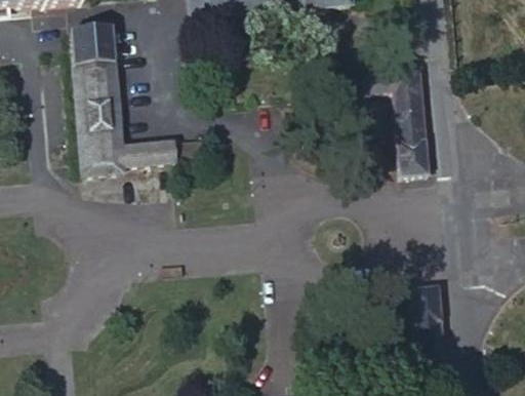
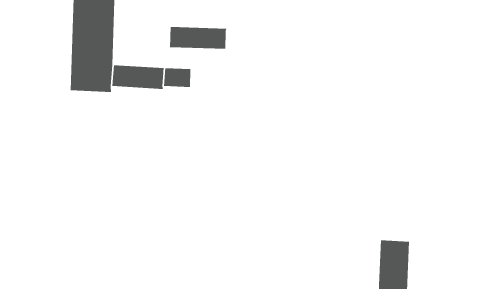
building: [362,65,430,173] -> none
building: none -> [170,26,227,50]

